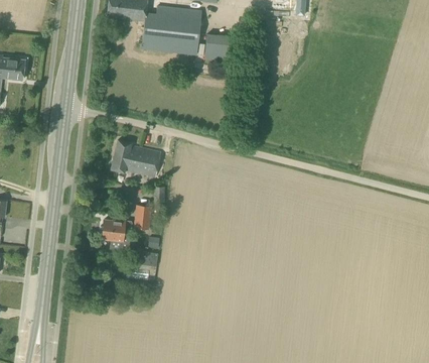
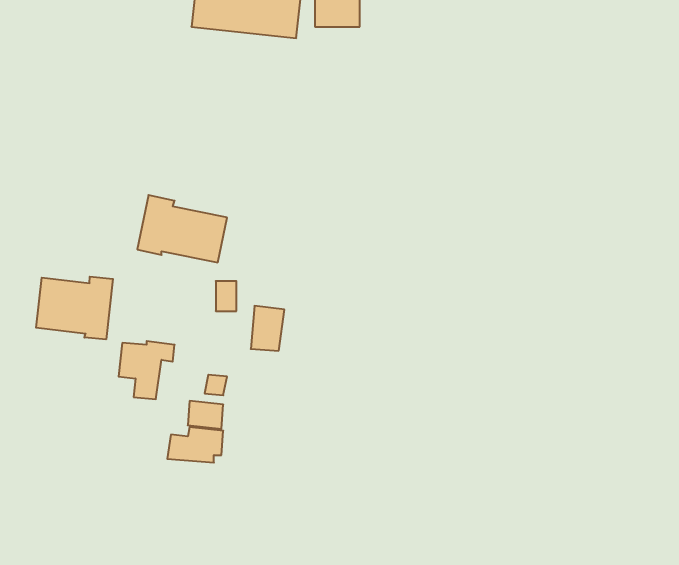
building: none -> [36,277,113,339]
building: [134,204,152,228] -> [251,306,284,351]

